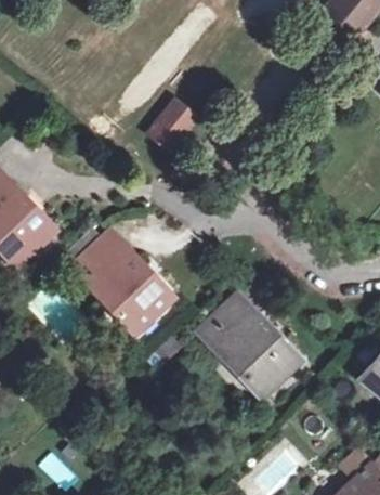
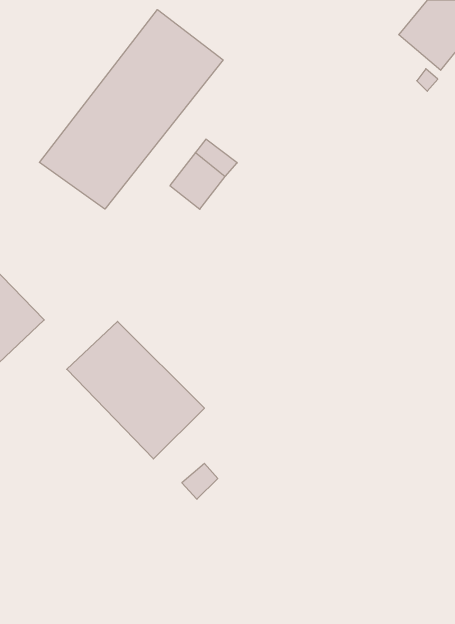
building: none -> [39,10,223,209]
building: [199,297,301,396] -> none

